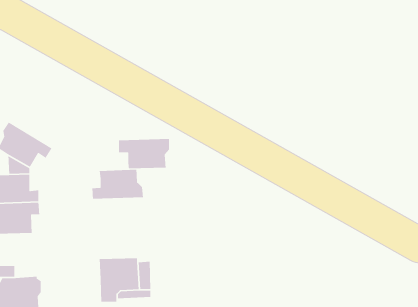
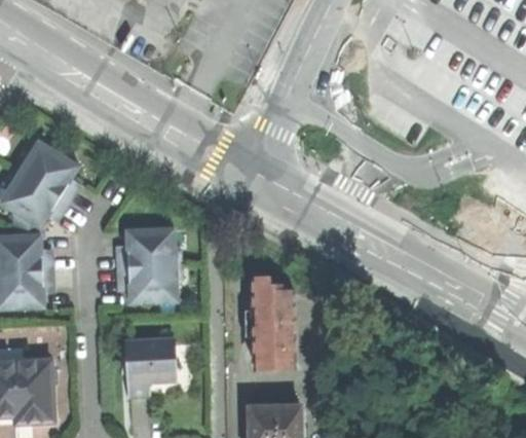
building: none -> [14,139,78,200]
building: [118,138,170,169] -> [118,262,182,300]
building: none -> [241,285,293,368]

